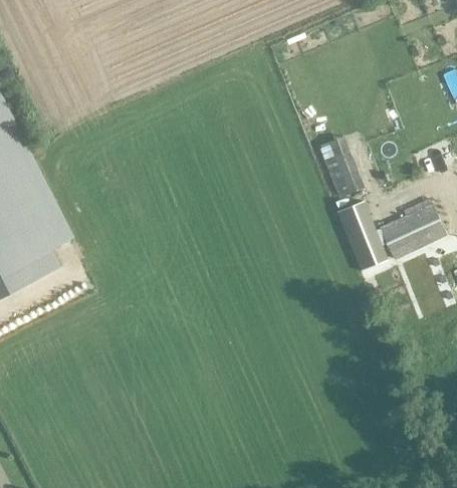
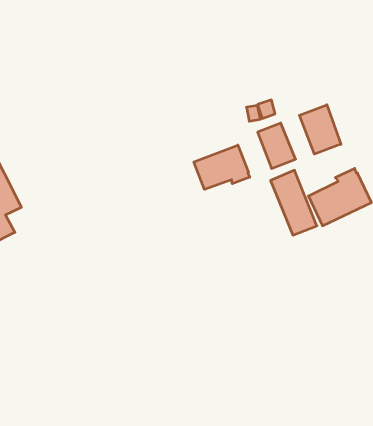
building: none -> [299,105,341,154]
building: none -> [194,145,250,189]

